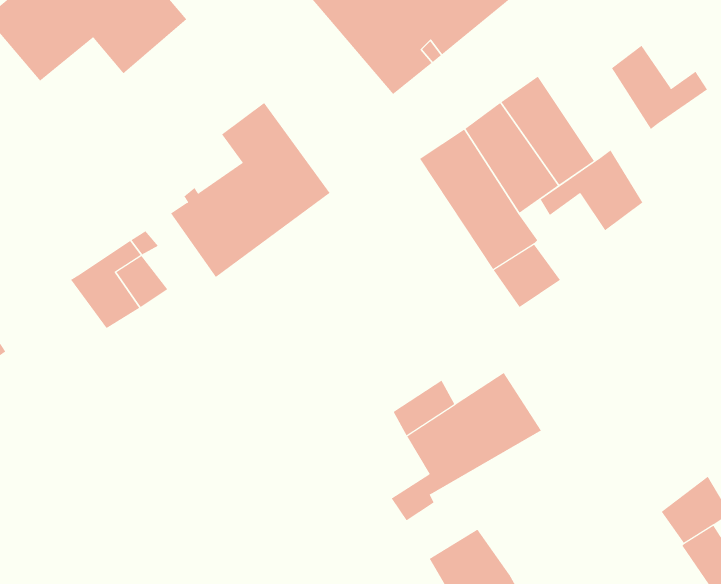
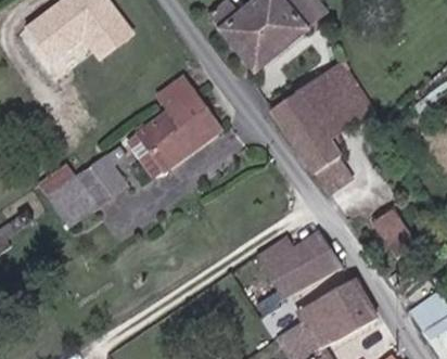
building: [611,45,708,130] -> none
building: [540,150,643,231] -> none
building: none -> [39,165,91,225]
building: none -> [372,210,416,258]
building: none -> [297,279,376,348]

